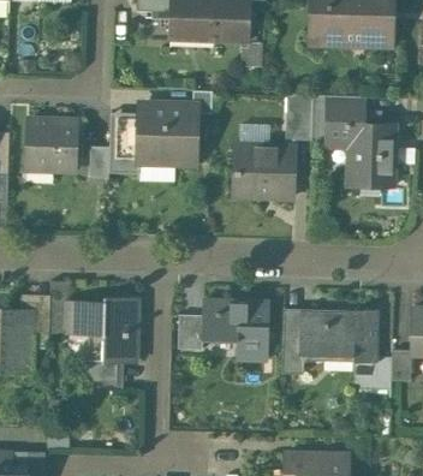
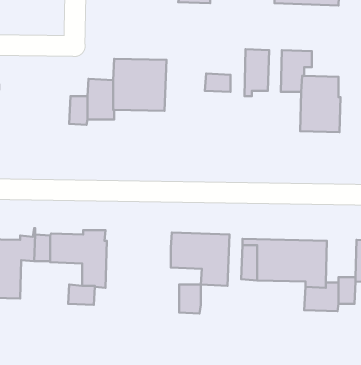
building: [25,120,76,171] -> none
building: [232,145,293,197] -> none
building: [178,317,202,350] -> [179,285,201,313]

